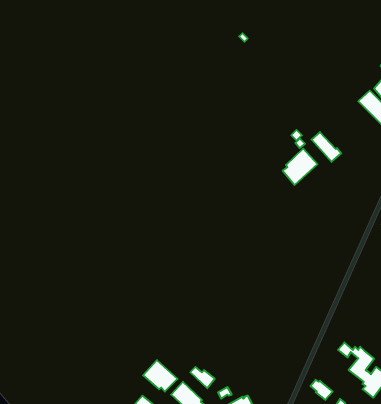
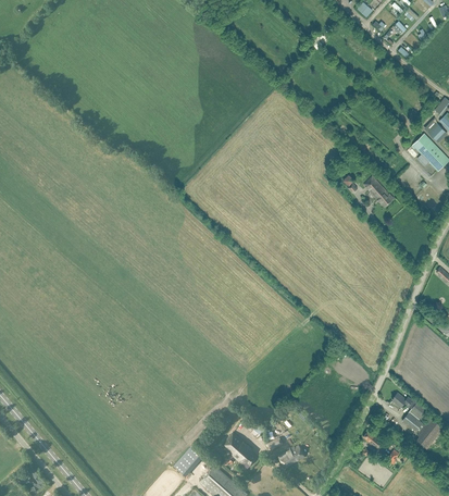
building: [283,149,317,185] -> none
building: [143,360,178,392] -> none

